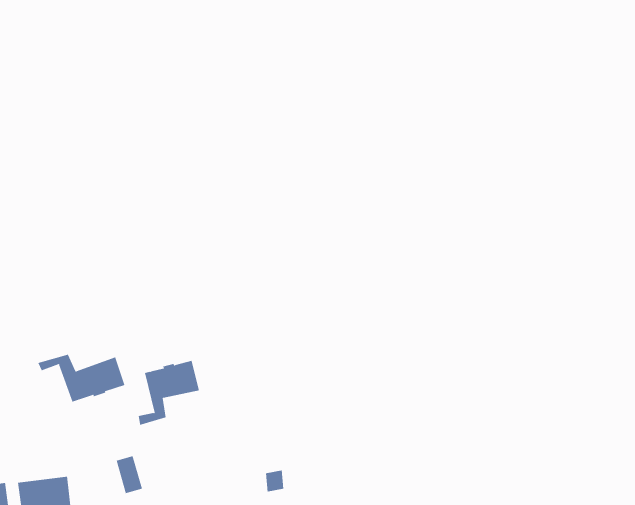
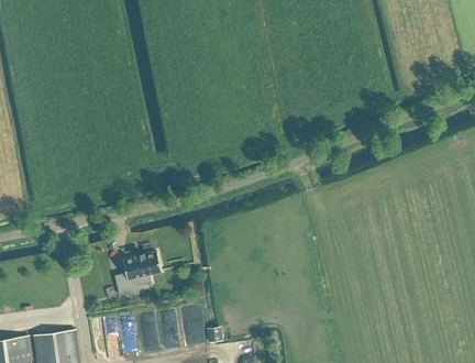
building: [38,354,125,402] -> none

